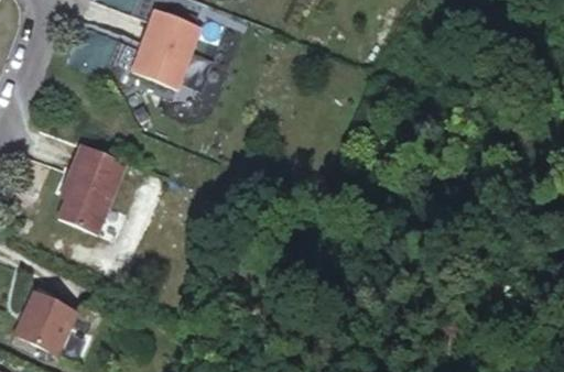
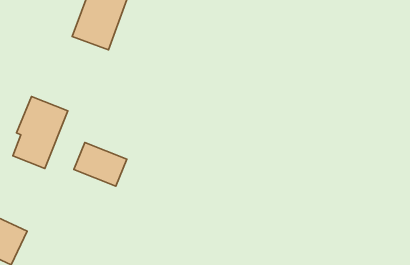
building: none -> [74,143,127,186]

